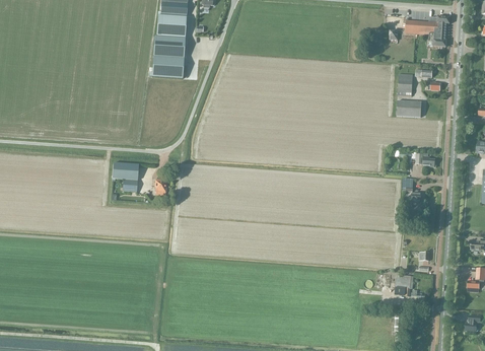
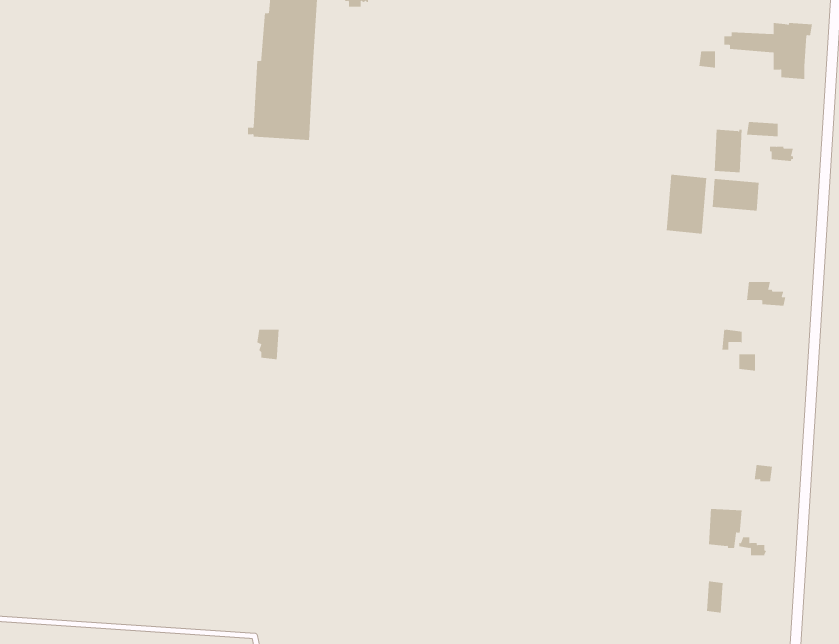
building: none -> [666,174,707,234]
building: [112,163,139,192] -> none

